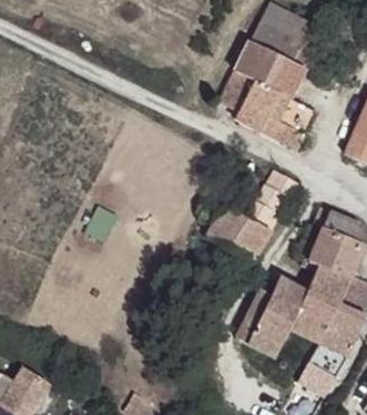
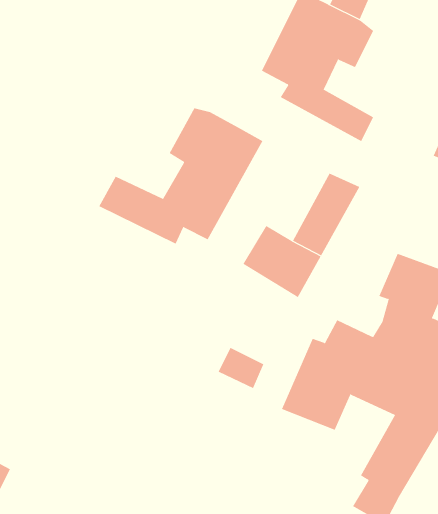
building: none -> [98,107,263,244]

